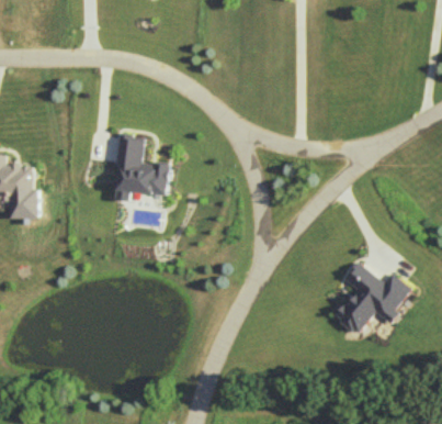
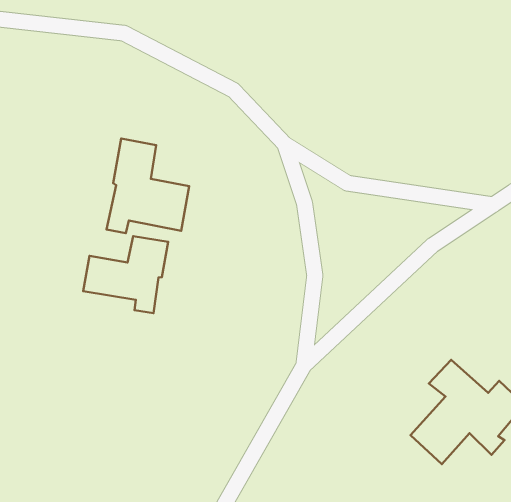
building: none -> [83,236,168,313]

